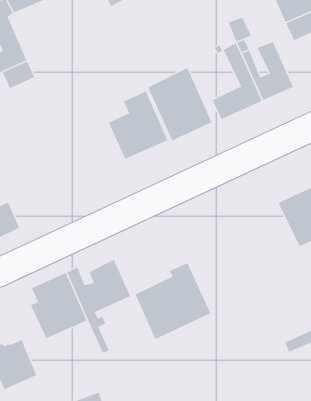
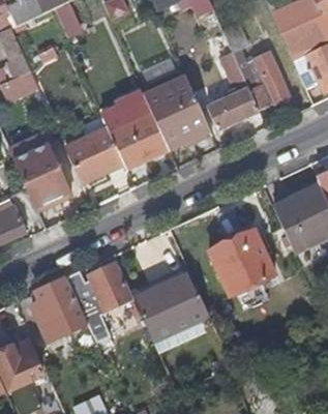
building: none -> [65,127,123,181]
building: none -> [12,144,70,207]
building: none -> [211,230,275,294]

